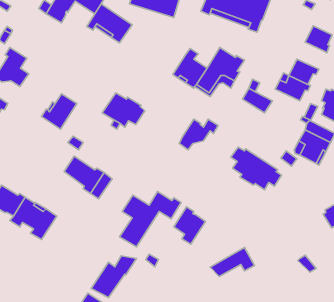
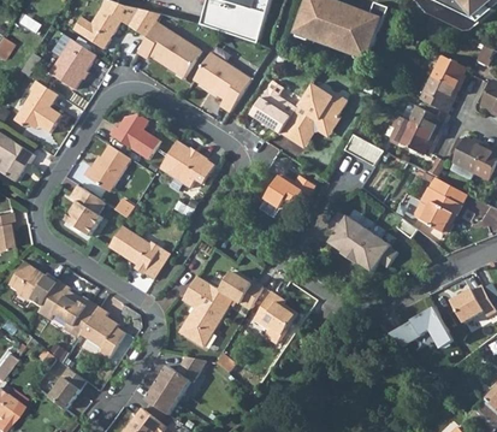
building: none -> [49,34,96,89]
building: none -> [191,52,249,113]
building: none -> [416,73,452,110]
building: none -> [113,117,162,160]
building: none -> [64,184,103,233]
building: none -> [77,304,128,362]
building: [210,247,255,276] -> [389,307,448,345]
building: none -> [47,367,85,408]

